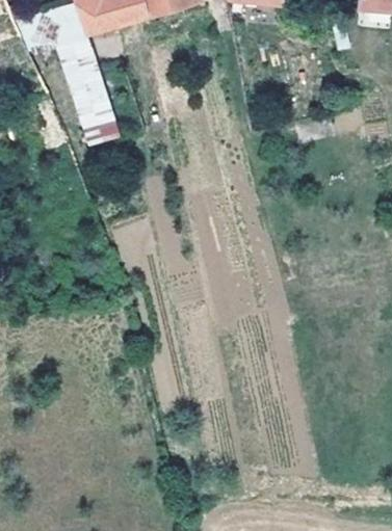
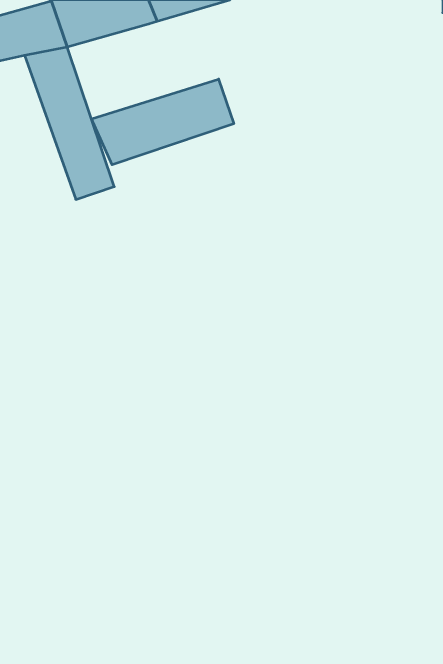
building: none -> [91,79,234,165]

